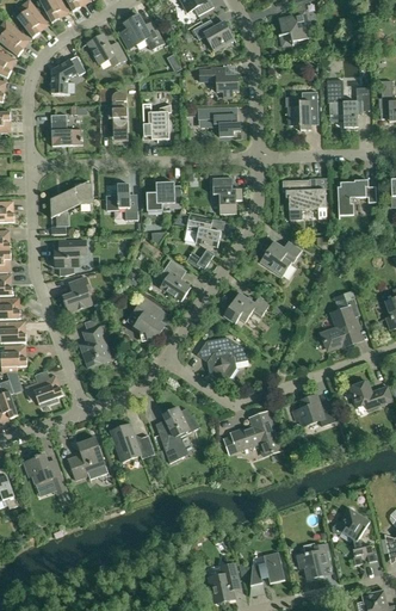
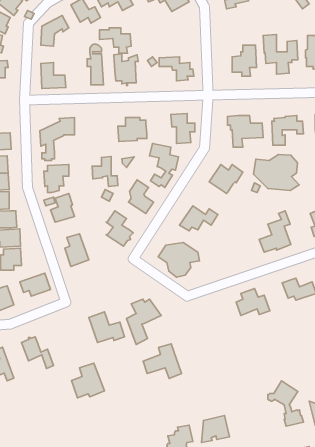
building: [199,67,239,98] -> [100,28,131,53]
building: [106,183,138,220] -> [92,157,118,186]
building: none -> [254,155,299,191]
building: [233,412,280,455] -> [143,344,182,378]
building: [68,437,109,480] -> [72,363,104,398]
building: [297,542,330,578] -> none

